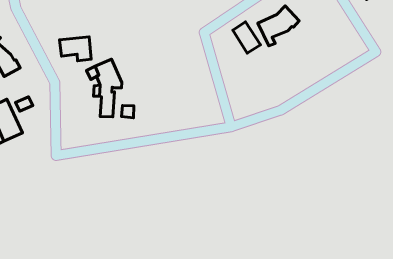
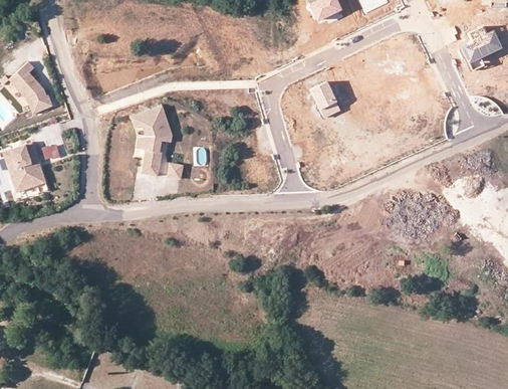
building: [258,6,299,46] -> none
building: [60,37,91,61] -> none

